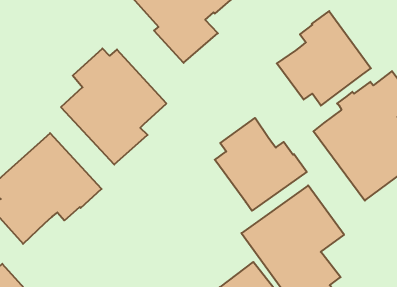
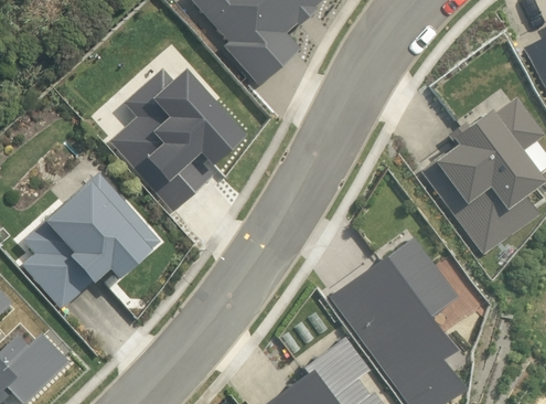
building: [277,11,371,106] -> none
building: [215,118,307,211] -> none

